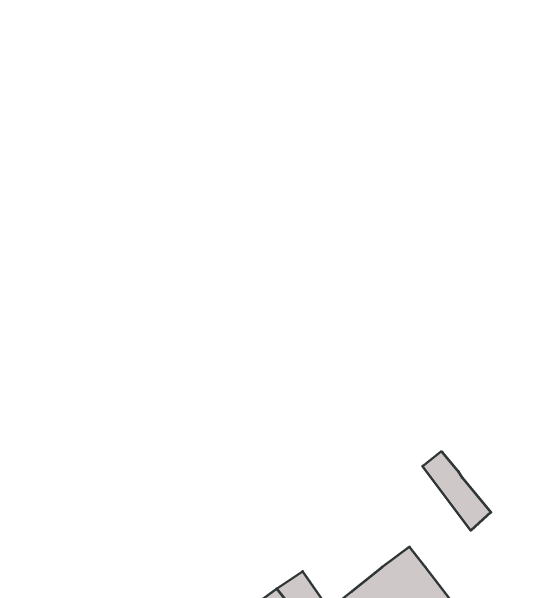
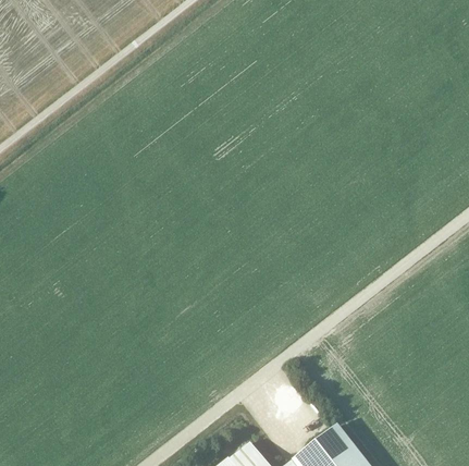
building: [423,452,491,530] -> none

